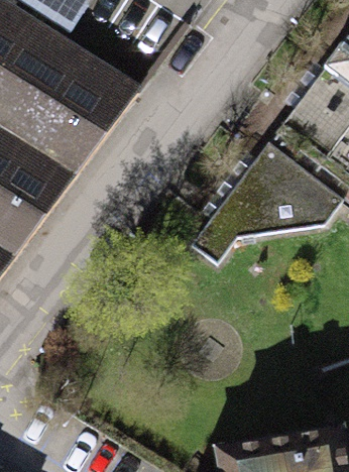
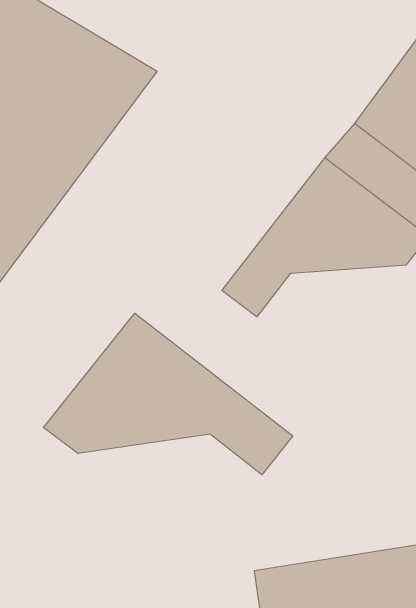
building: none -> [44,313,293,475]

